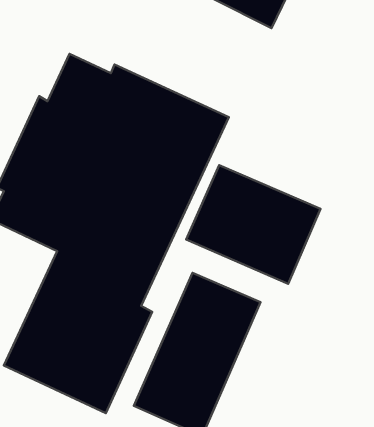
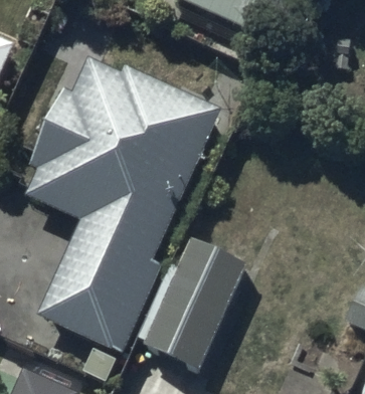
building: [186,165,321,284] -> none

